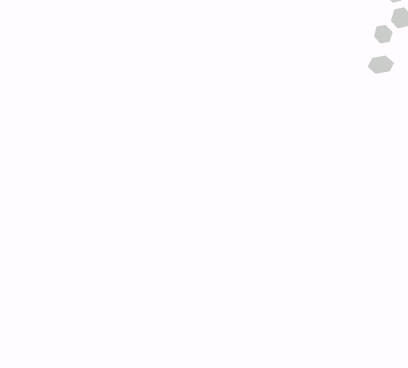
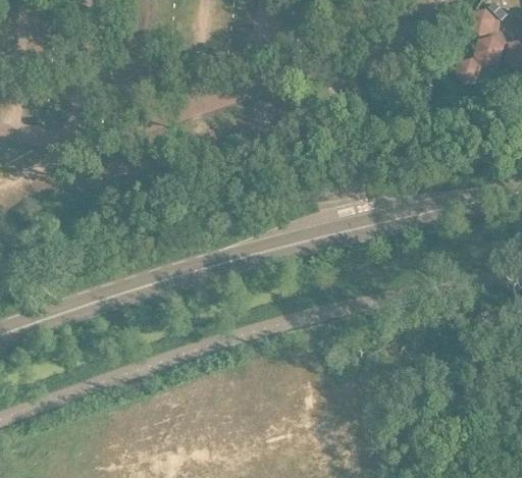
building: [367,55,395,74] -> none

